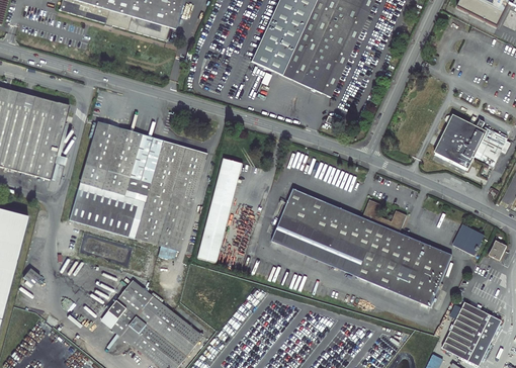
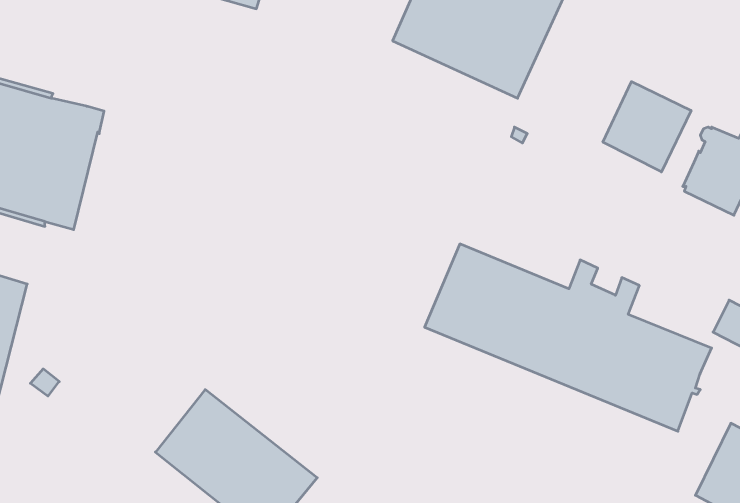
building: none -> [603,82,691,172]
building: [69,120,206,250] -> none
building: [197,158,242,262] -> none

